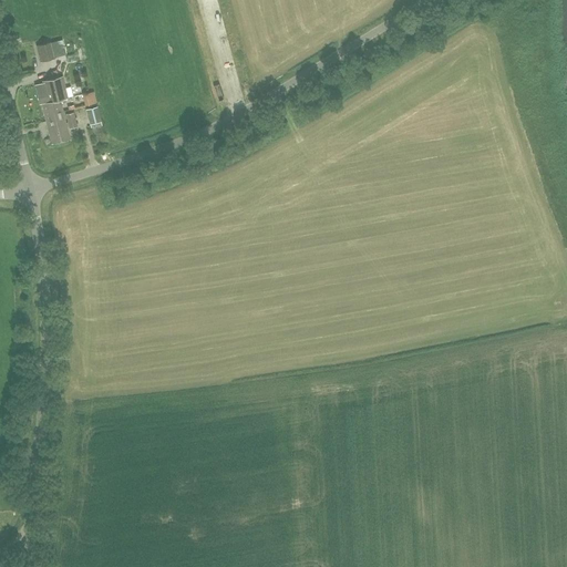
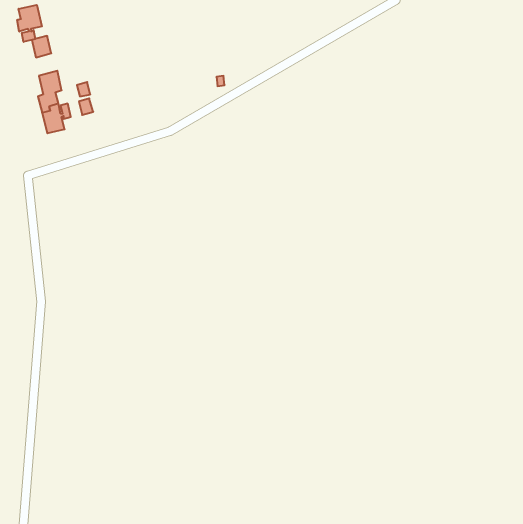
building: none -> [17,5,42,42]

